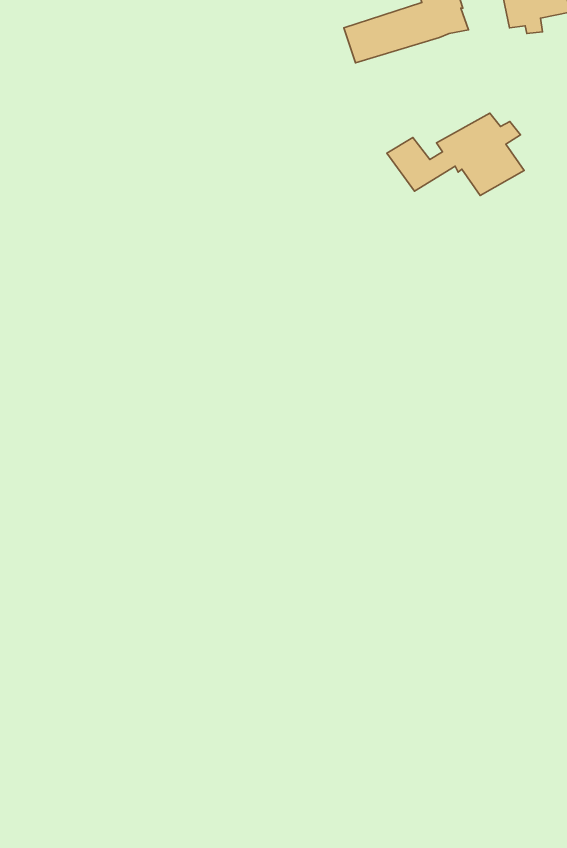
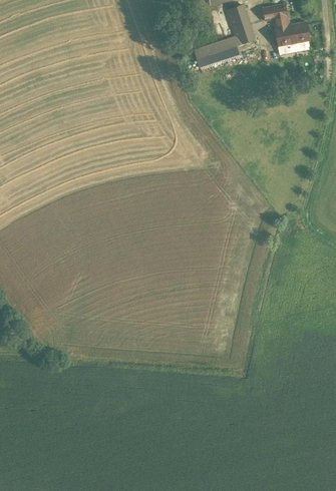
building: [387,113,524,195] -> none

